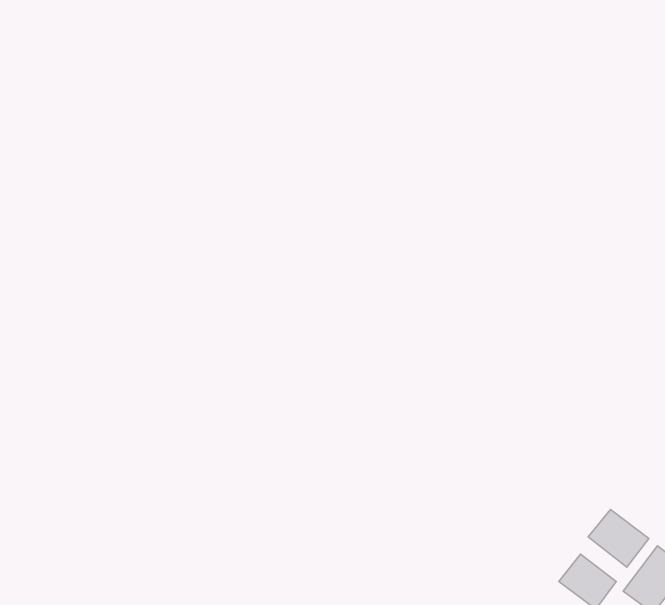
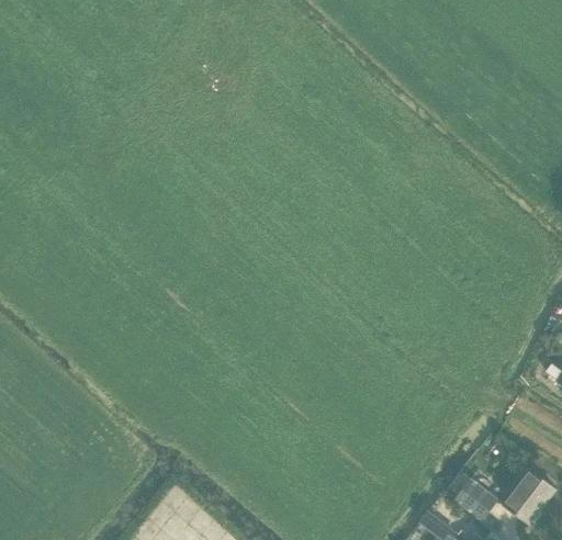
building: [588,509,649,567] -> none

